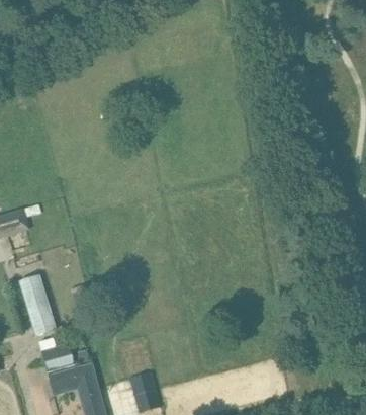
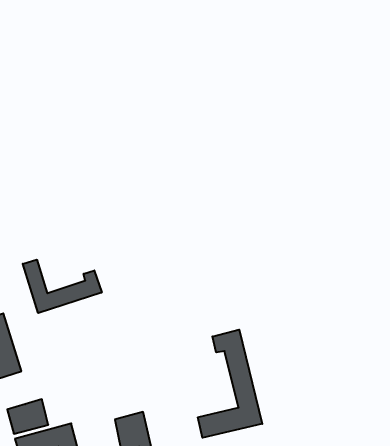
building: none -> [23,260,102,313]
building: none -> [198,330,262,438]

